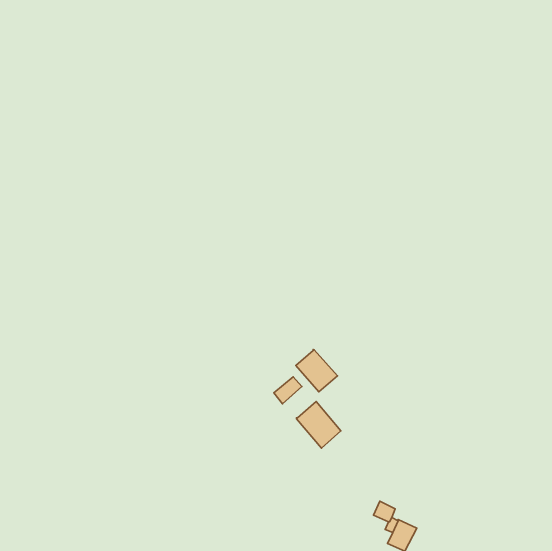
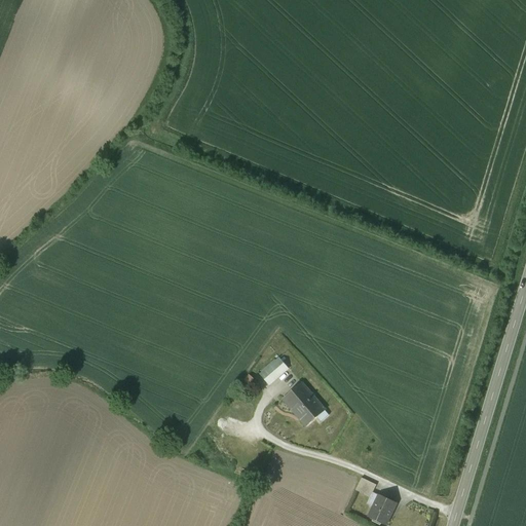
building: [296,350,338,392] -> none

